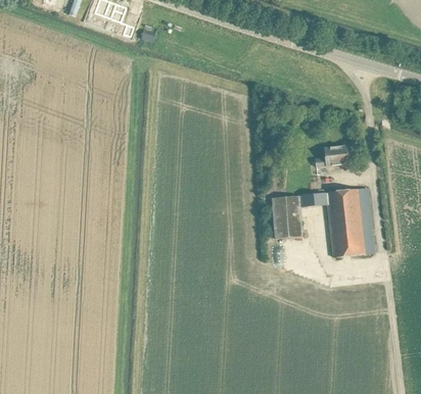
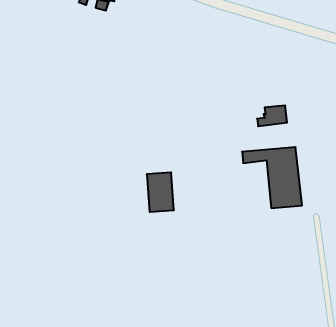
building: [272,196,301,239] -> [147,172,174,212]

